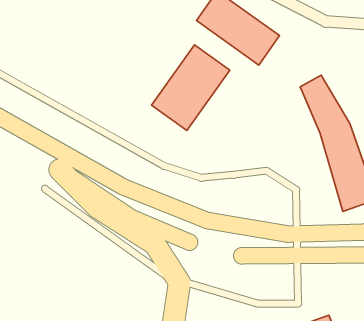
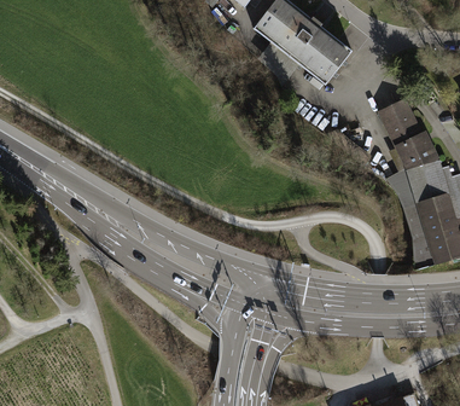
building: [151,45,230,131] -> none

